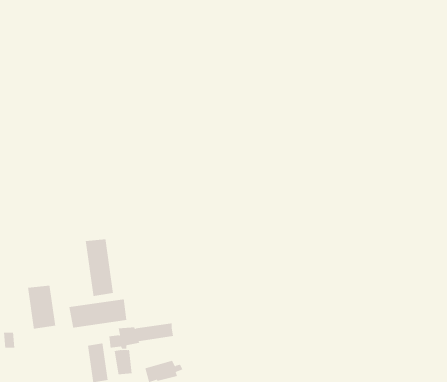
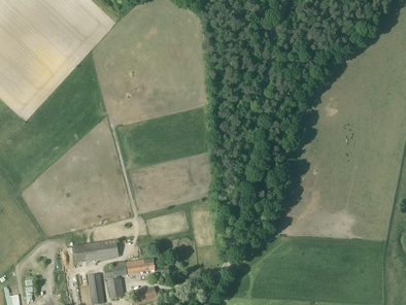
building: [85,239,114,297] -> none
building: [27,285,56,330] -> none

